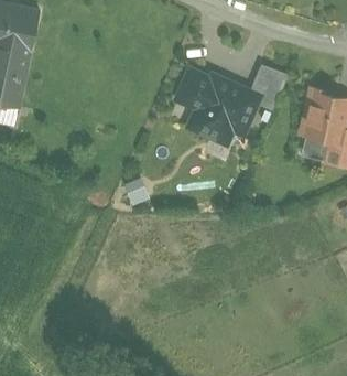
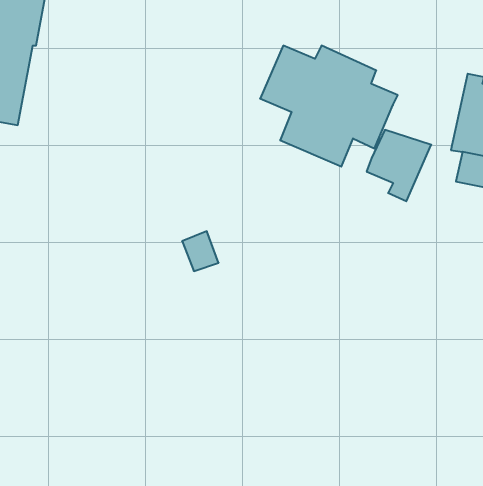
building: [248,63,291,110] -> [367,130,431,201]

